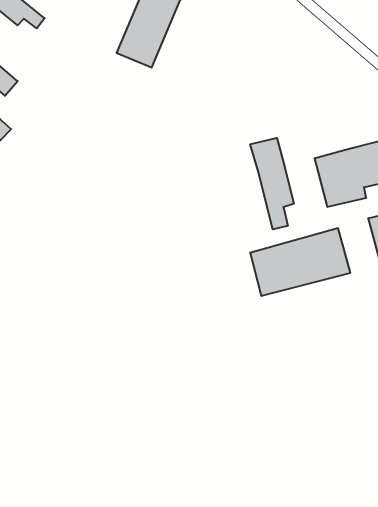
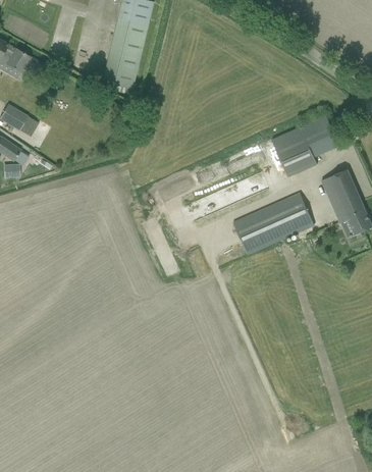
building: [250,138,294,229] -> none

